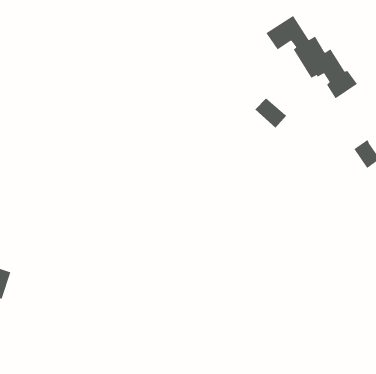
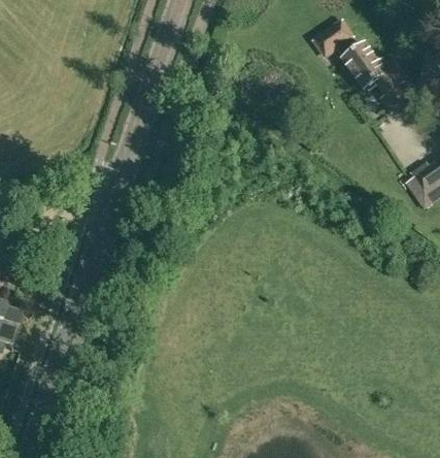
building: [254,97,287,128] -> none

